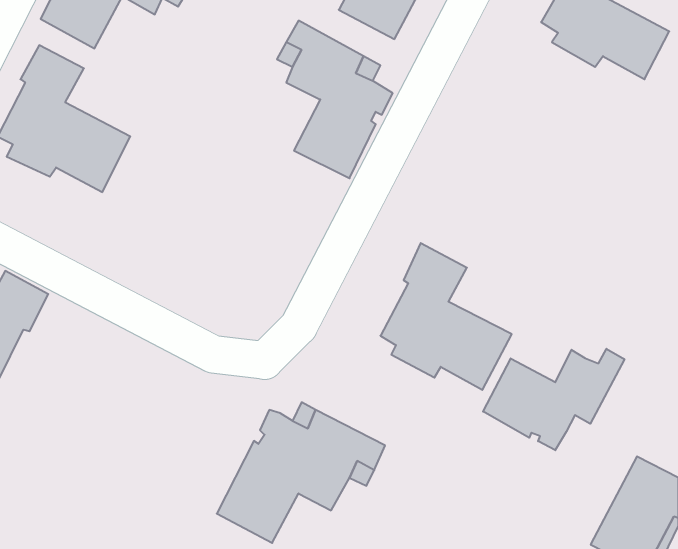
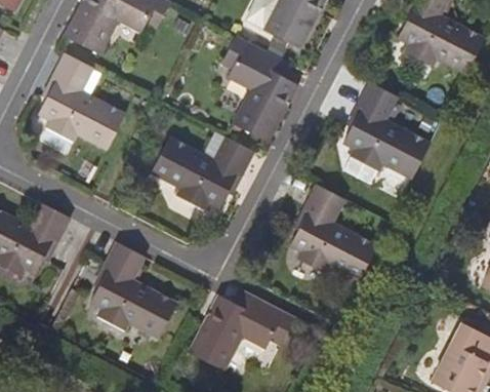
building: none -> [342,82,431,180]
building: none -> [151,136,254,210]
building: none -> [87,241,174,339]
building: [483,349,624,450] -> none

